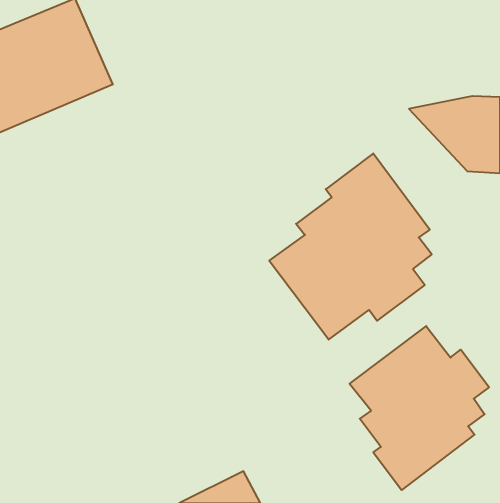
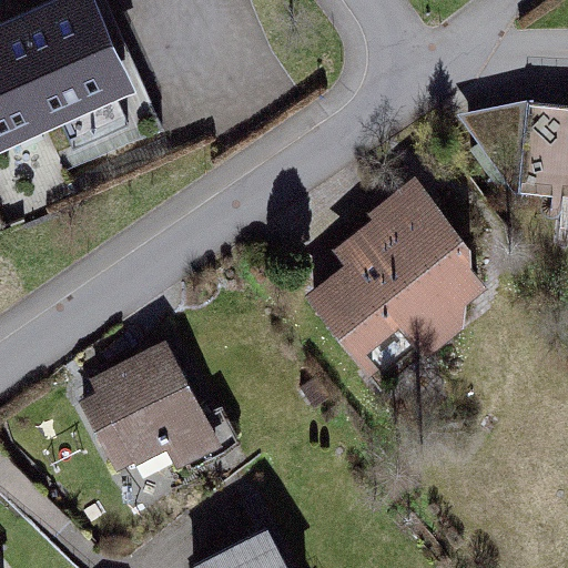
building: none -> [89,343,219,470]
building: [350,326,489,490] -> none

